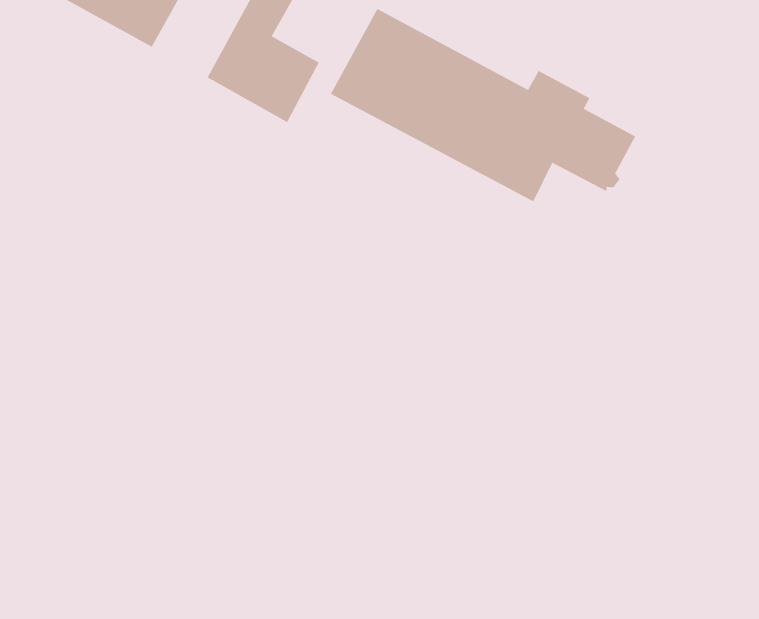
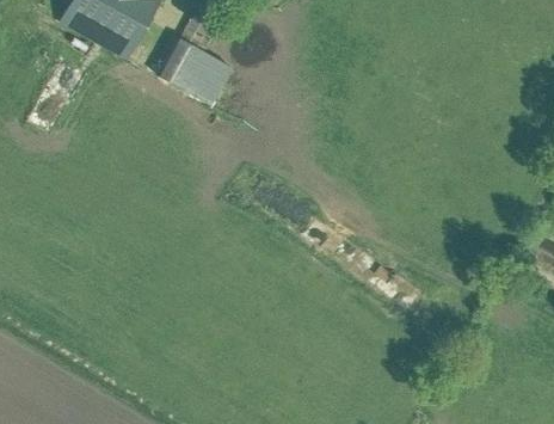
building: [330,8,636,202] -> none

